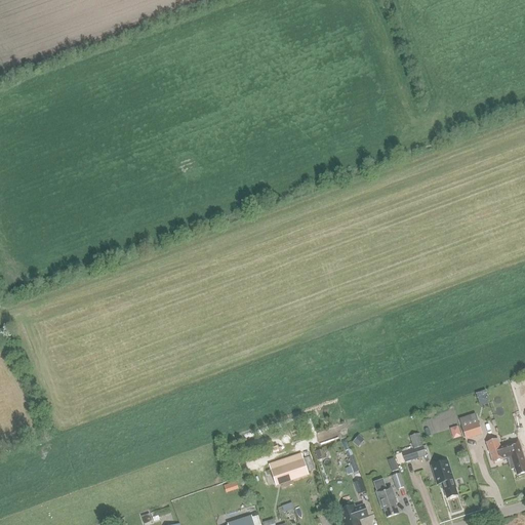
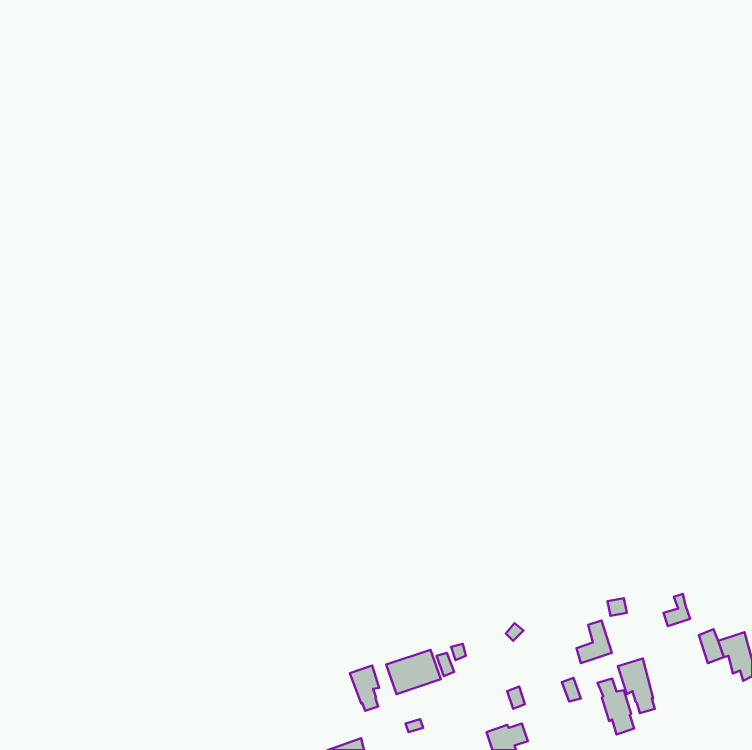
building: none -> [350,666,379,711]
building: [372,478,398,517] -> [597,678,634,734]

